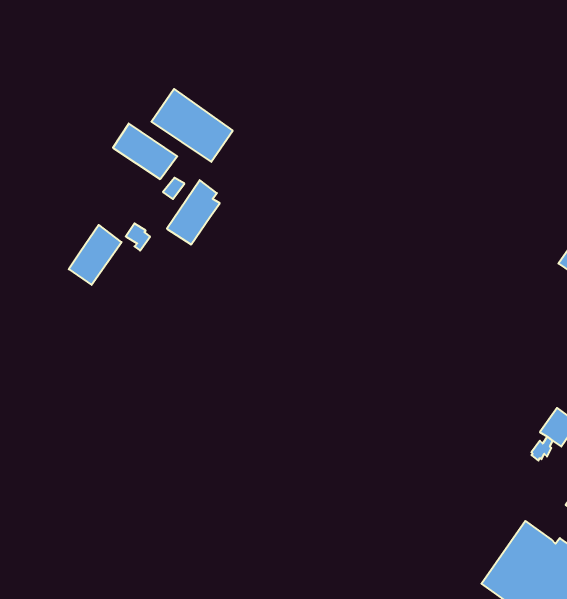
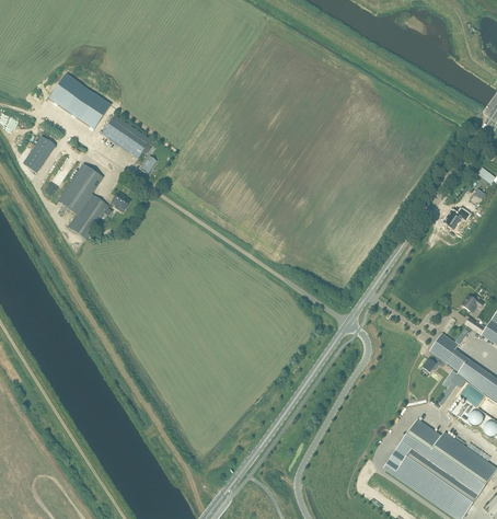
building: [151,89,233,162] -> [48,72,111,128]
building: none -> [23,136,56,172]
building: [167,180,220,244] -> [58,163,99,212]

